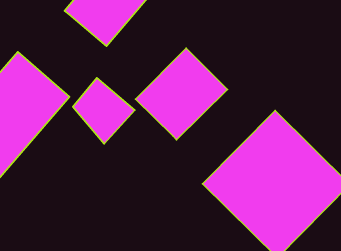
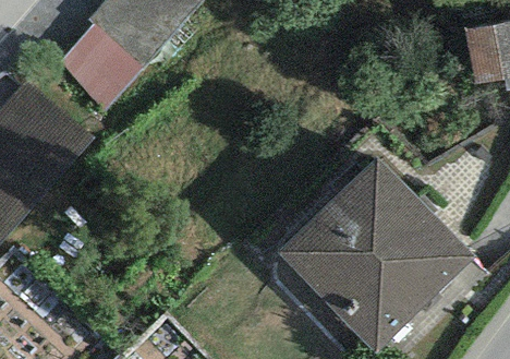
building: [136,48,227,140] -> none
building: [73,78,135,144] -> [61,24,145,113]

